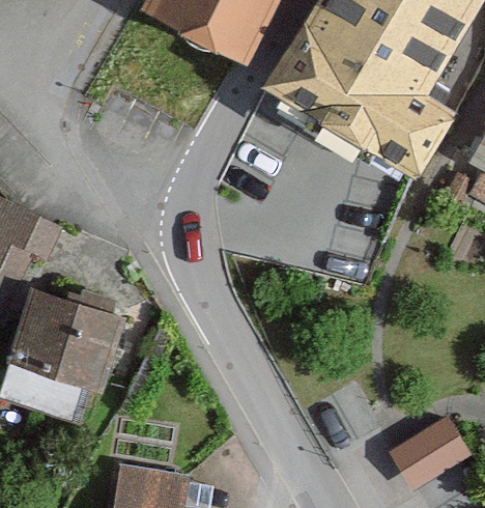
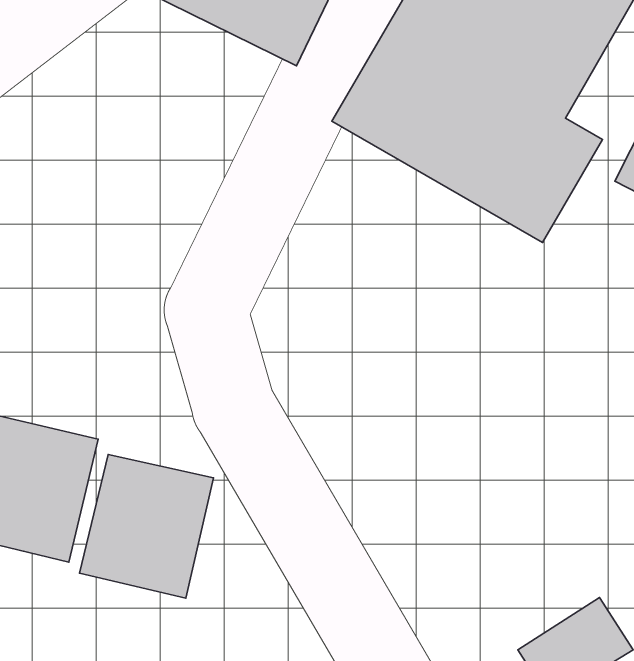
building: none -> [80,454,214,598]

